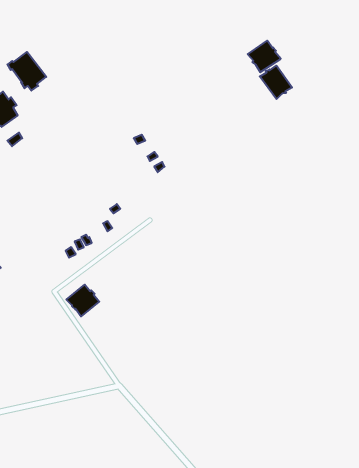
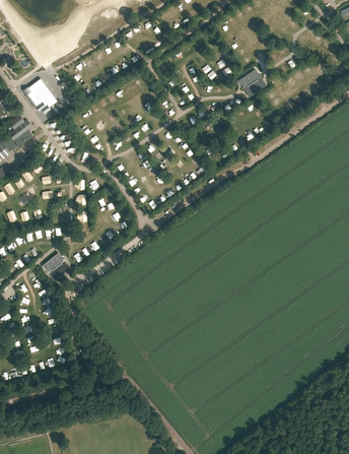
building: [260,66,292,99] -> none
building: [66,285,99,316] -> [42,254,71,282]

